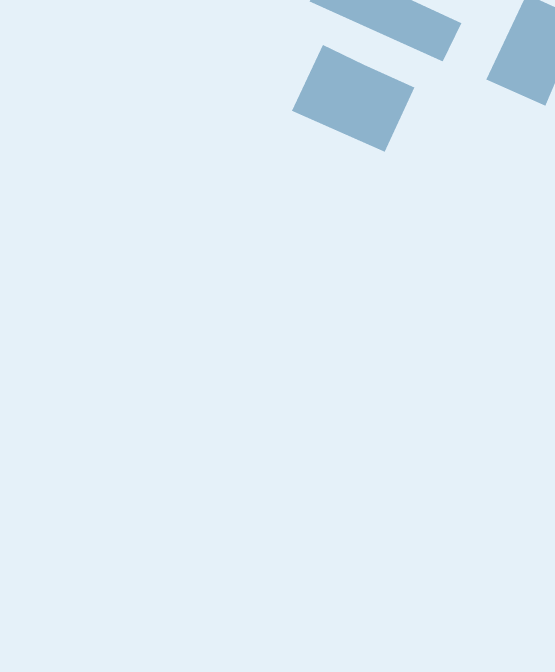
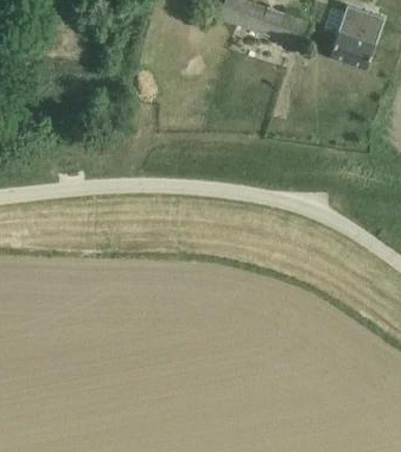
building: [291,44,415,153] -> none

